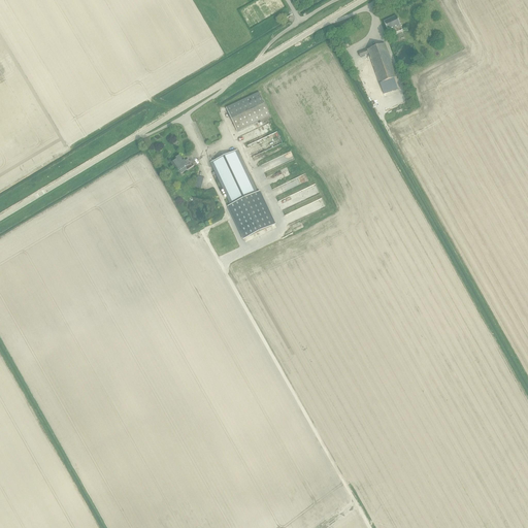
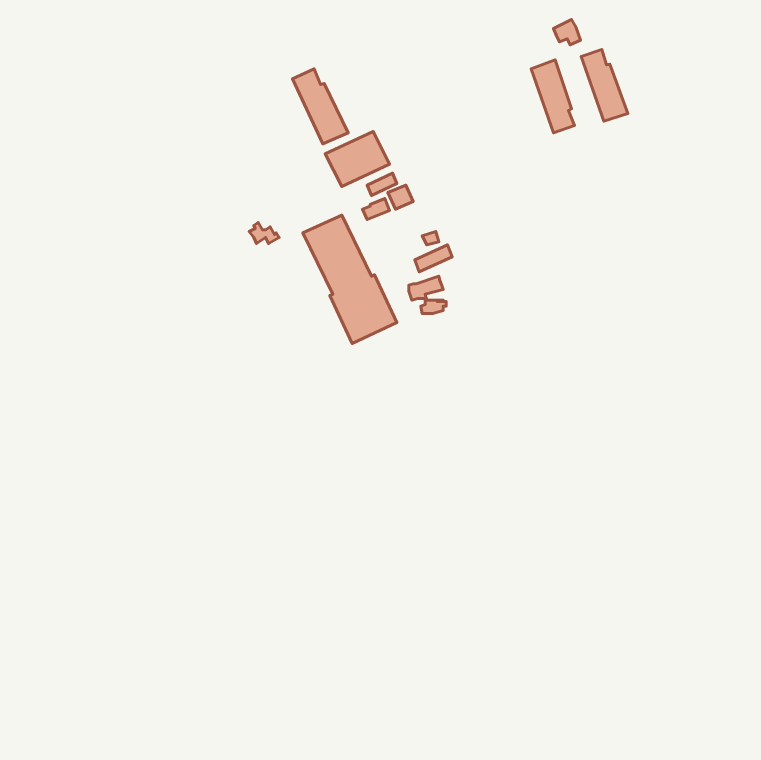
building: none -> [581,49,628,121]
building: none -> [292,69,348,144]

